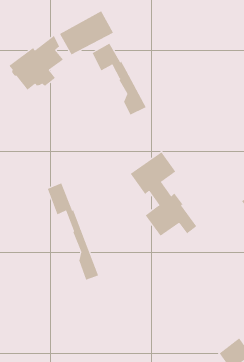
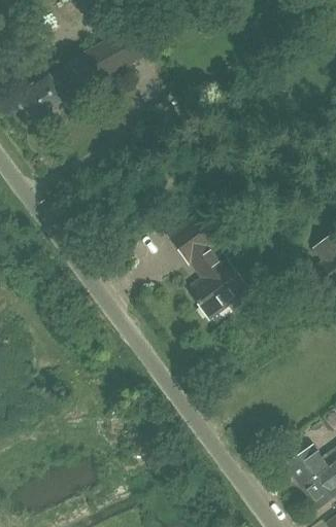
building: [92,43,146,116] -> none
building: [47,183,99,281] -> none

